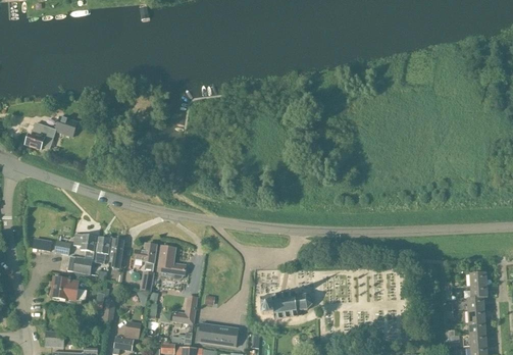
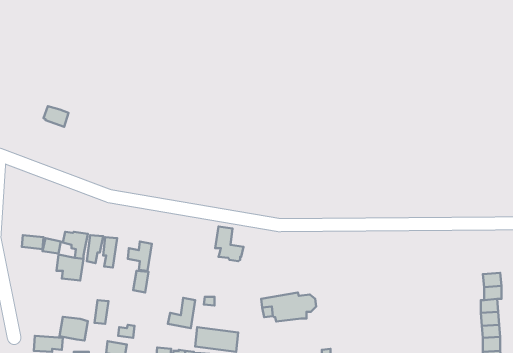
building: [25,121,57,148] -> none
building: [159,246,186,278] -> [215,226,243,261]
building: [52,277,79,300] -> [60,317,88,341]

